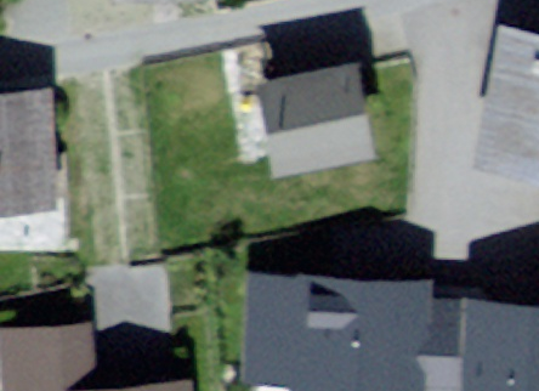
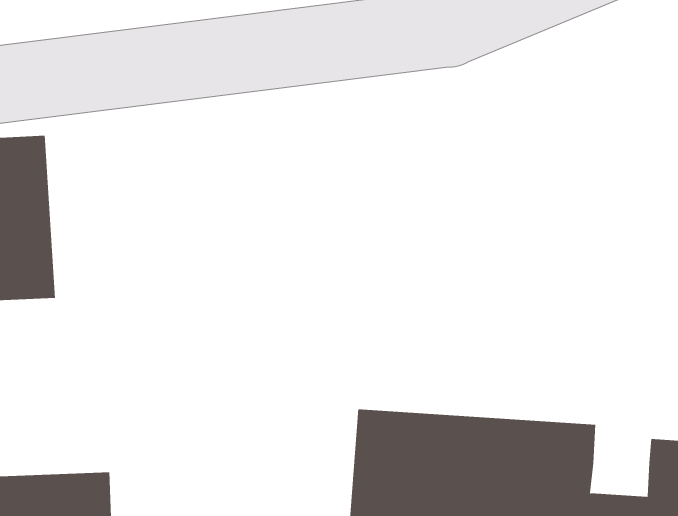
building: [243,58,362,165] -> none

